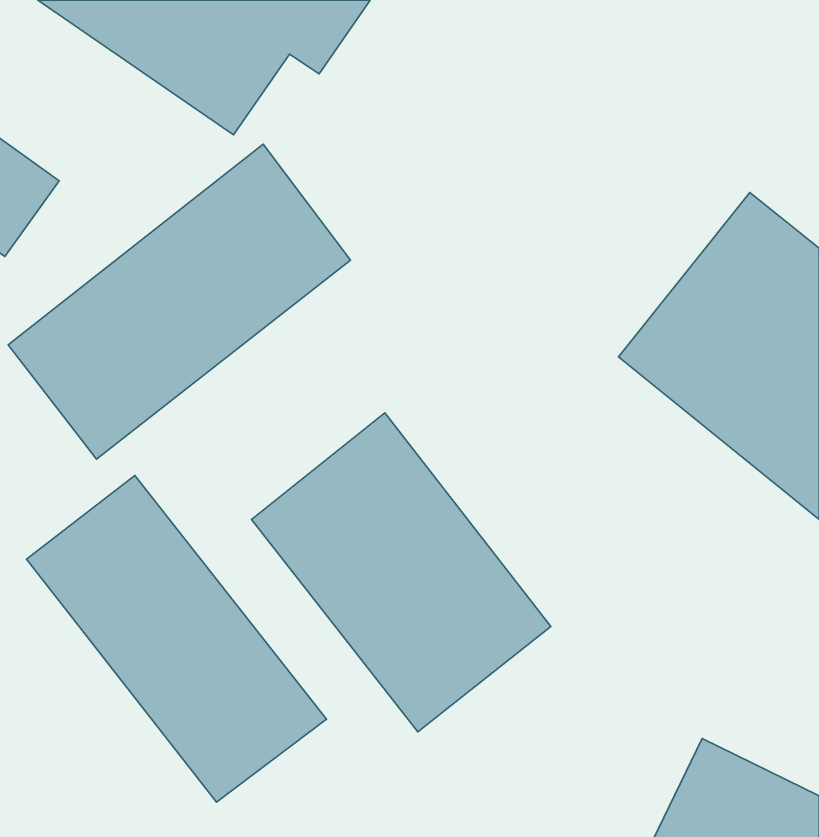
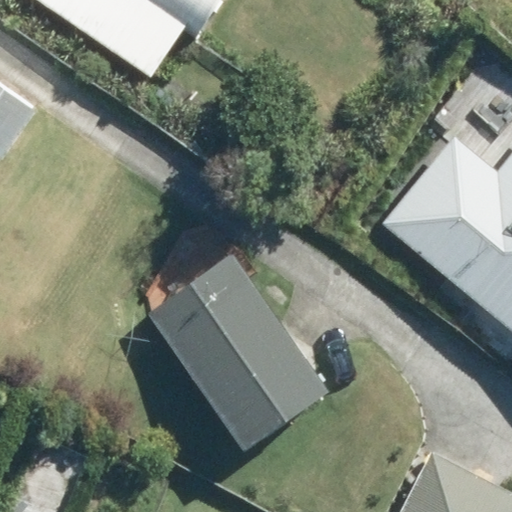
building: [8,144,351,459] -> none
building: [26,476,326,802] -> none

